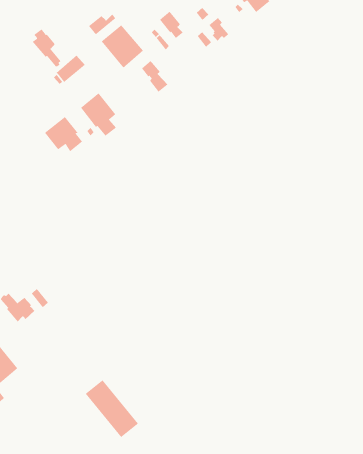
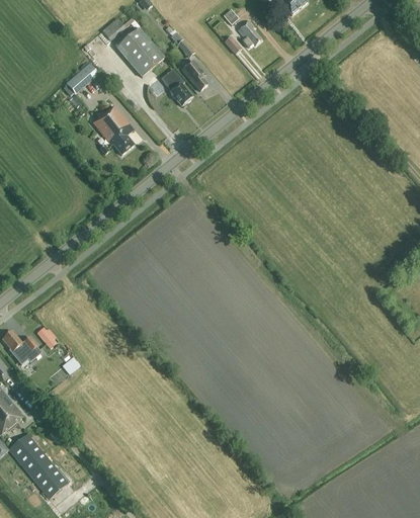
building: [159,11,183,39] -> [181,60,208,91]
building: [32,28,62,67] -> none
building: [44,116,83,152] -> none
building: [85,380,139,438] -> [8,433,69,499]

